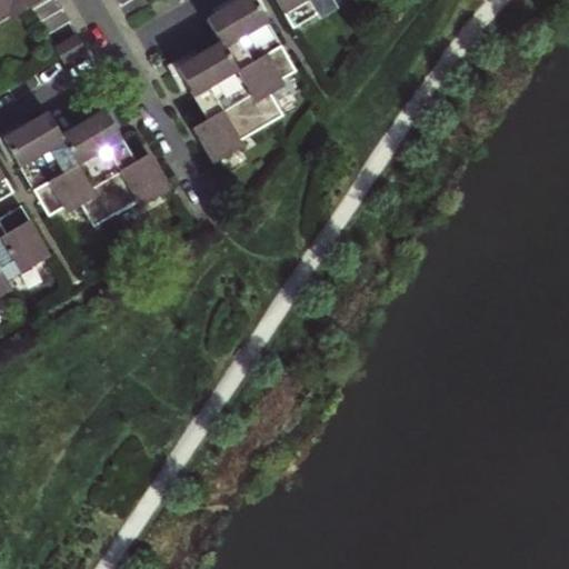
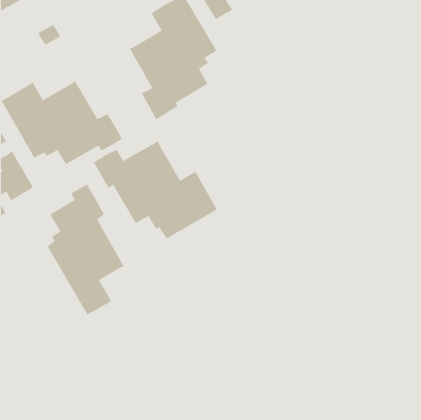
building: none -> [93,141,218,239]
building: none -> [47,184,125,315]

